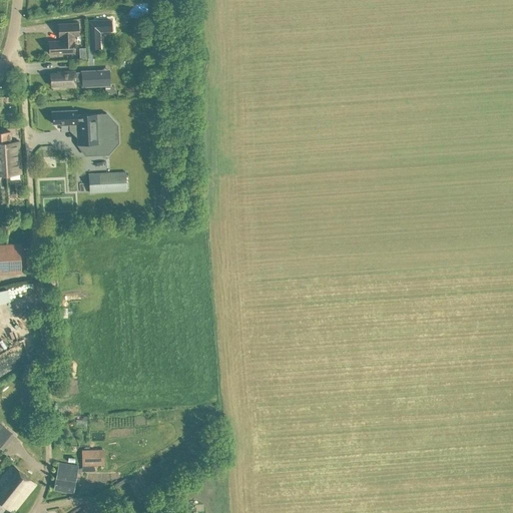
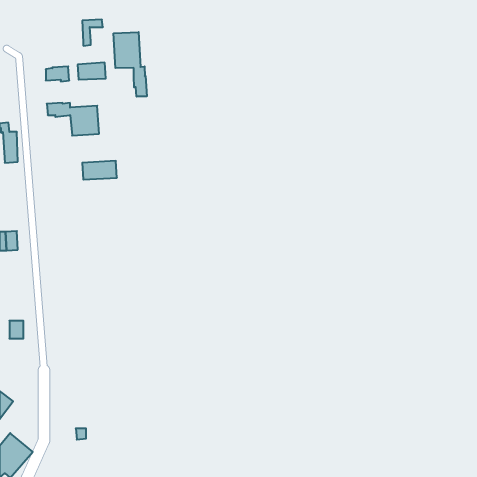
building: [47,24,77,55] -> none
building: none -> [114,32,147,97]
building: [52,464,77,493] -> none

